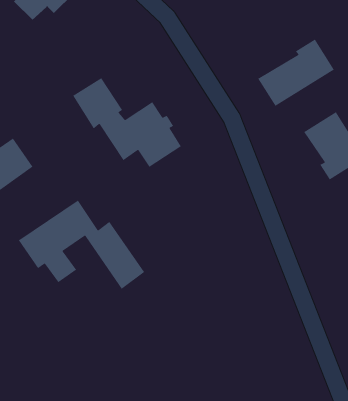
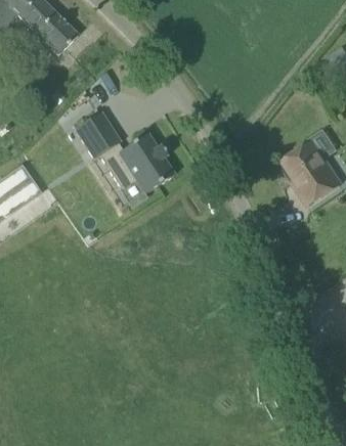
building: [257,39,335,107] -> none
building: [18,200,145,290] -> none

